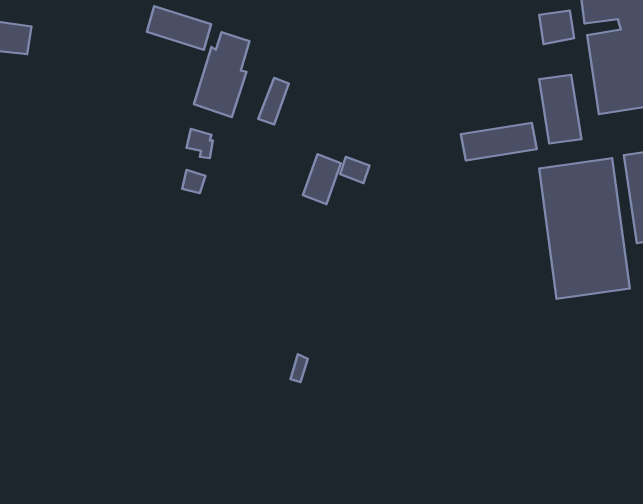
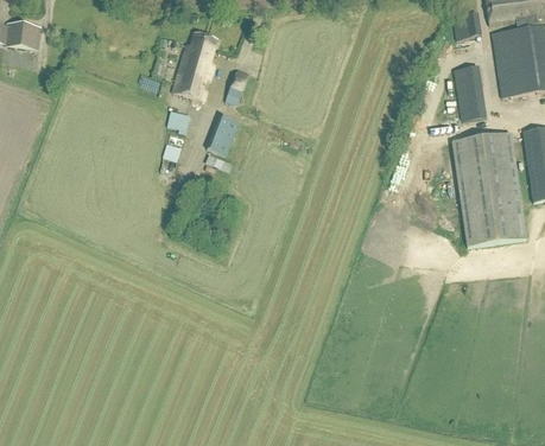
building: [147,6,211,50] -> none
building: [461,123,537,160] -> none
building: [303,154,341,204] -> [207,114,237,154]

